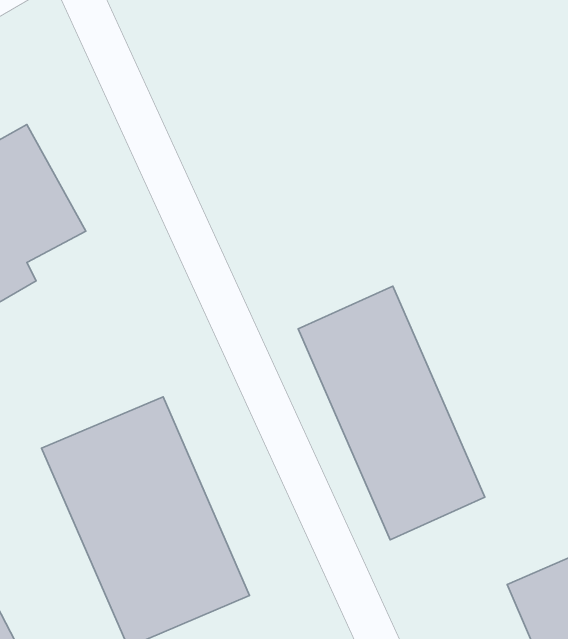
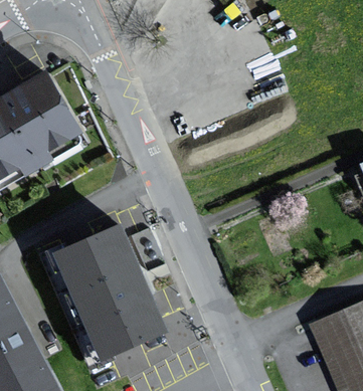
building: [298,286,485,540] -> none

